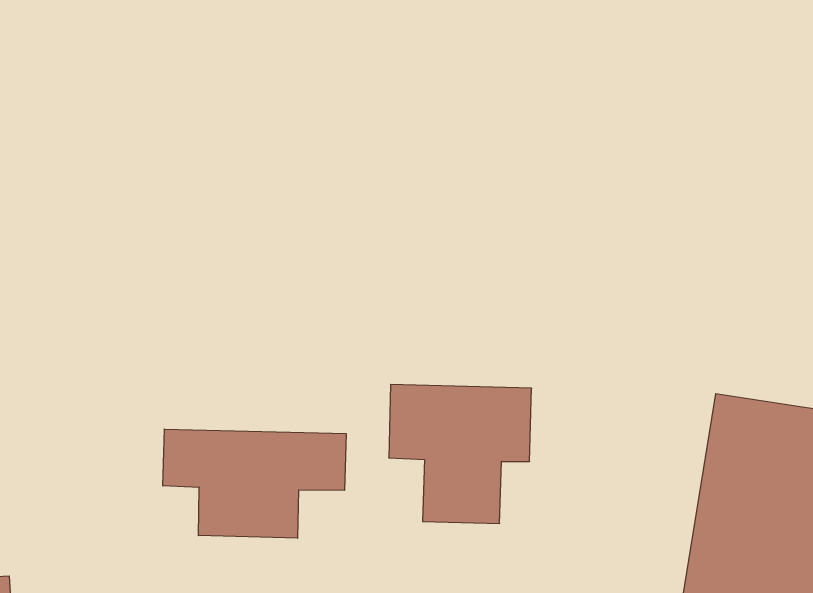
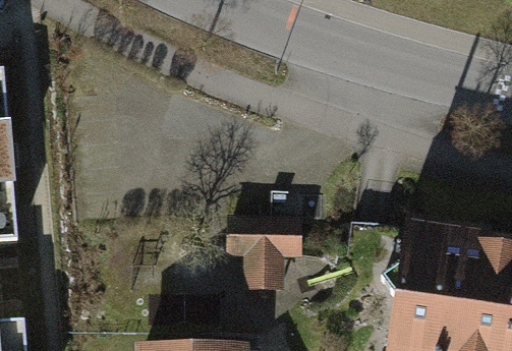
building: [163,429,346,538] -> none

